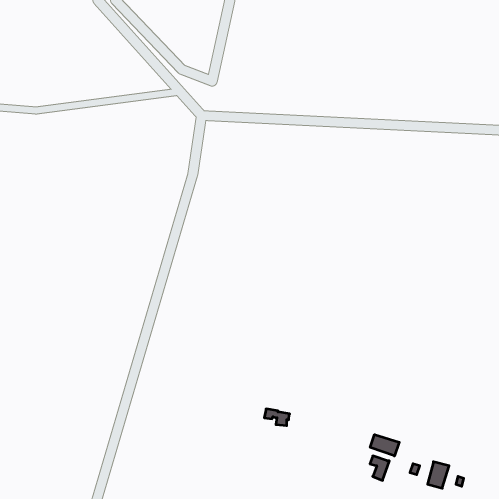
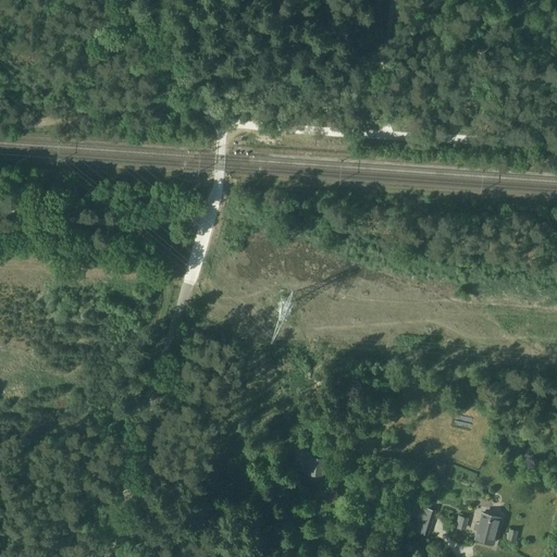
building: [370,435,399,456] -> none

